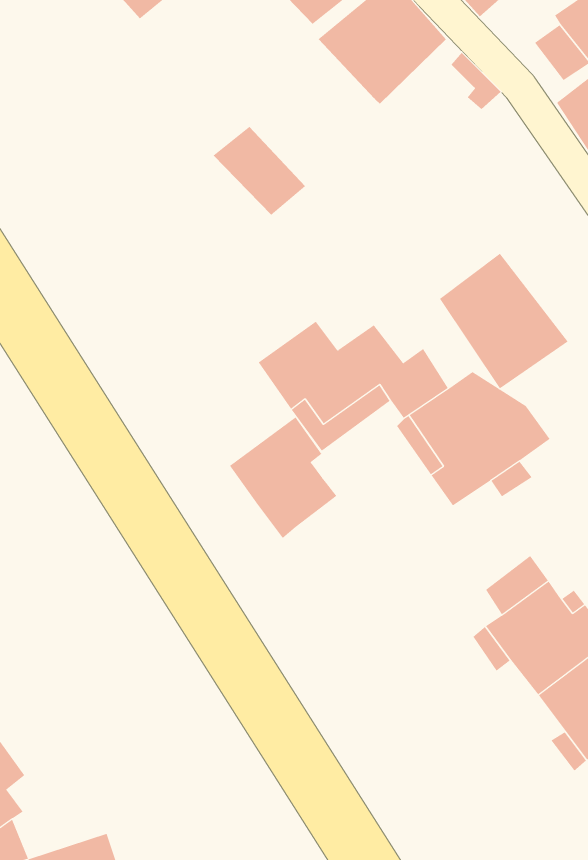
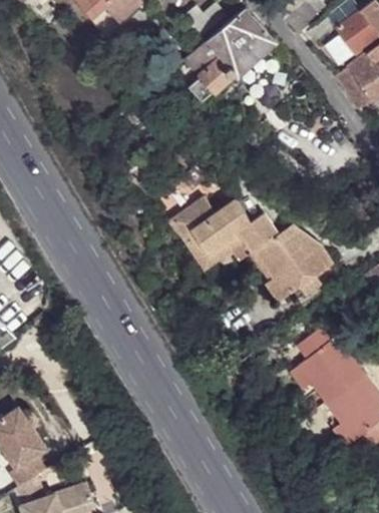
building: [213,126,306,215] -> [184,41,236,90]
building: [439,253,568,389] -> none
building: [229,416,337,539] -> none

